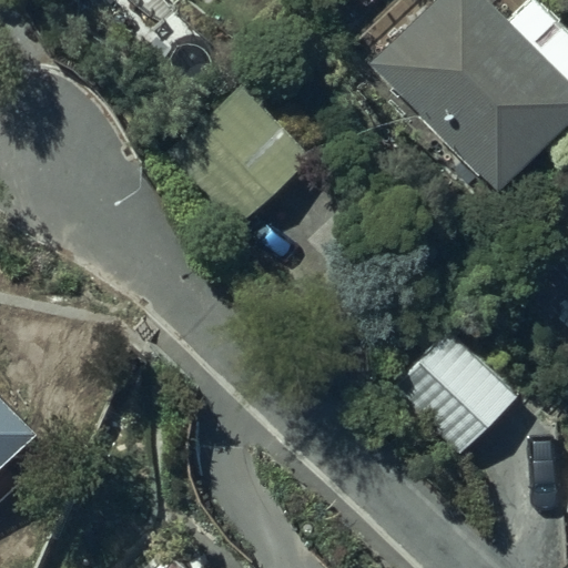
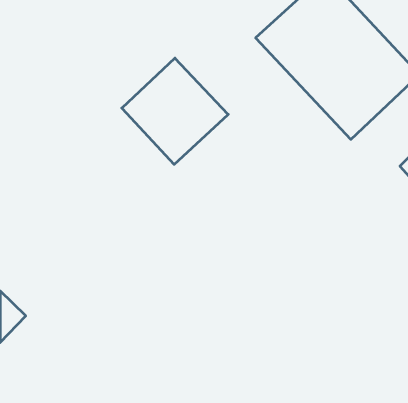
building: [400,332,524,454] -> none

